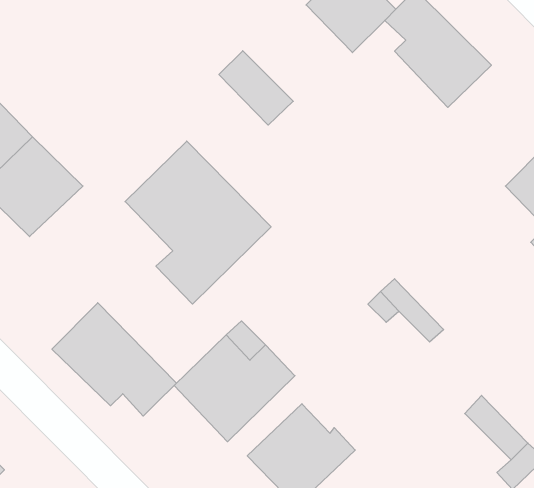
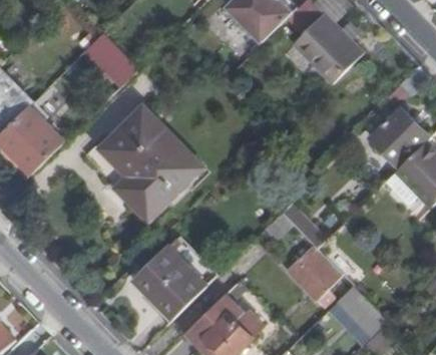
building: [219,51,293,125] -> [86,33,139,86]
building: [52,303,177,416] -> none
building: none -> [286,245,339,307]

